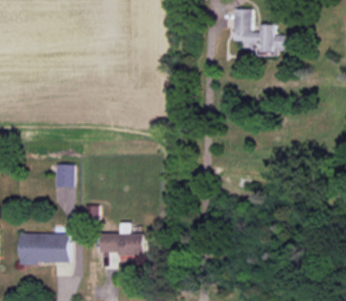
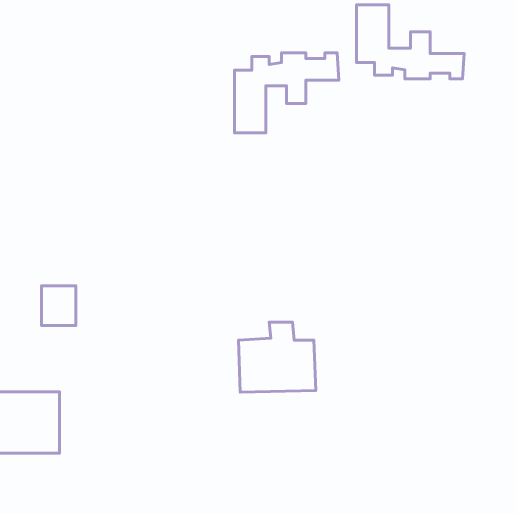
building: none -> [234,53,339,133]
building: [97,223,140,263] -> [238,322,316,392]

